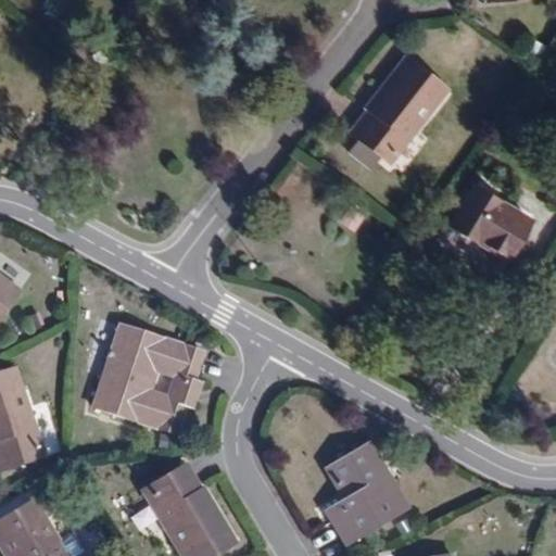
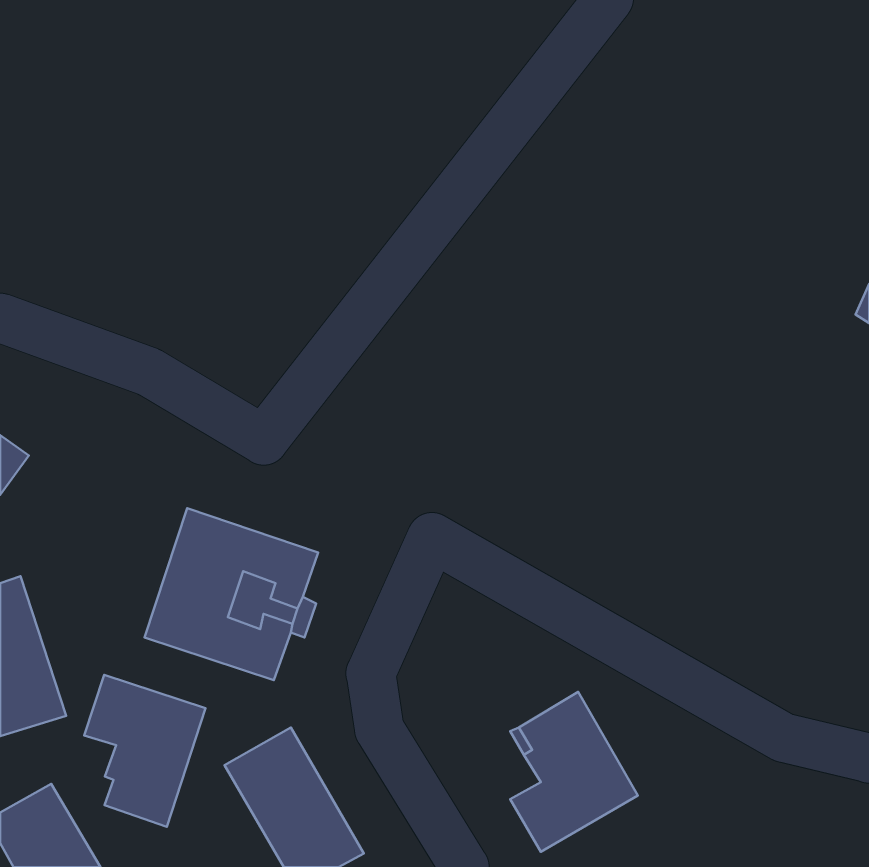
building: [351,60,446,163] -> none
building: [448,185,531,260] -> none
building: none -> [84,675,206,827]

